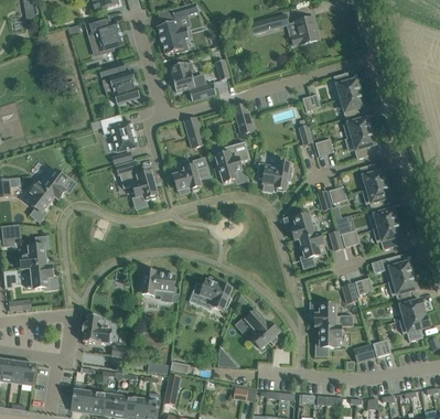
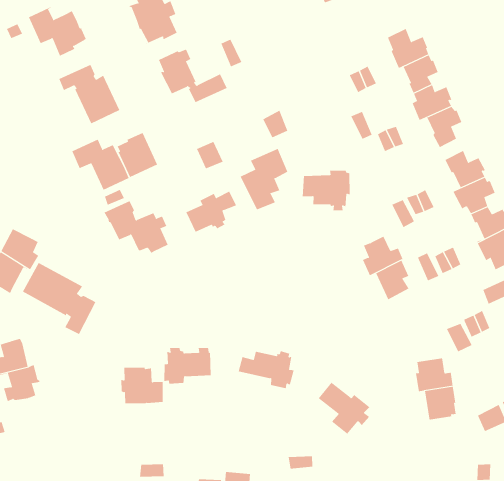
building: none -> [117,132,158,178]
building: none -> [22,262,96,335]
building: [82,315,112,344] -> [120,367,164,404]

